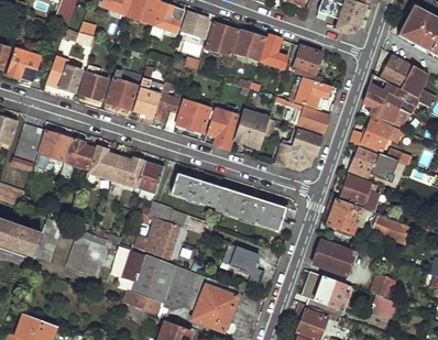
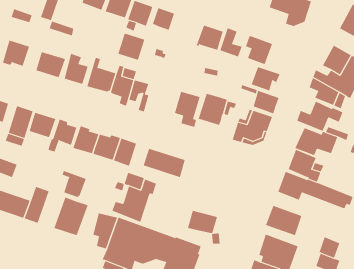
building: [205,23,237,55] -> [118,33,145,60]
building: [176,100,209,132] -> none
building: [215,187,285,230] -> none
building: none -> [62,170,86,198]

